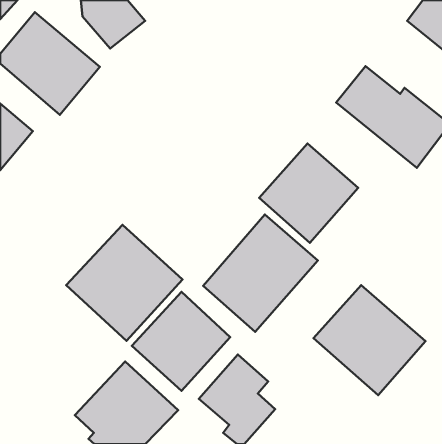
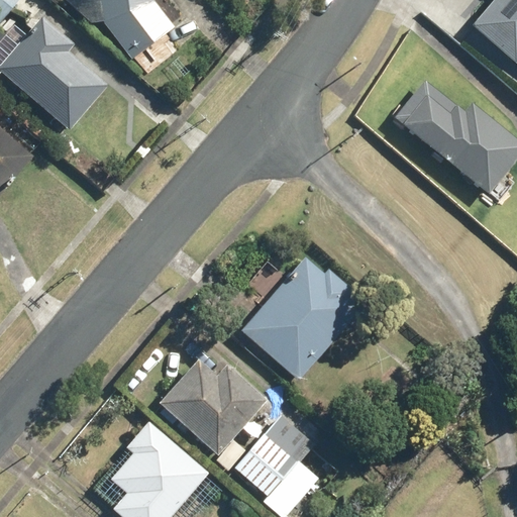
building: [259,144,358,243] -> none
building: [66,225,183,341] -> none
building: [314,285,425,395] -> none

